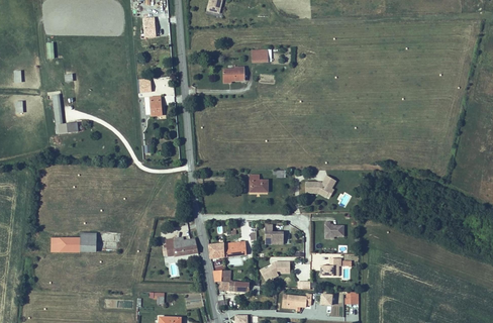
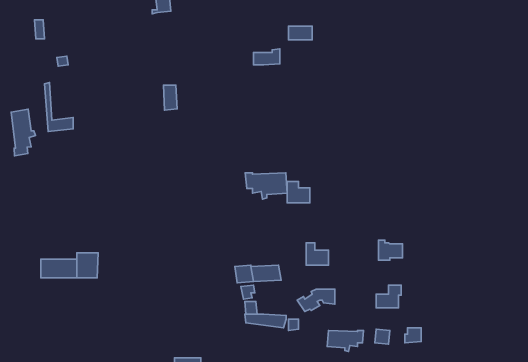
building: none -> [11,109,36,156]
building: none -> [245,173,287,199]
building: [305,176,335,198] -> none
building: [163,238,197,255] -> none

